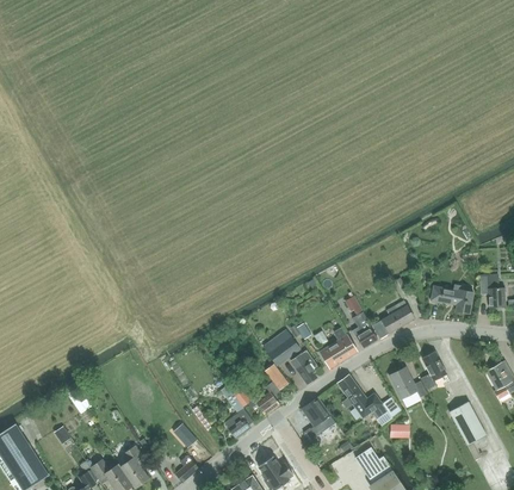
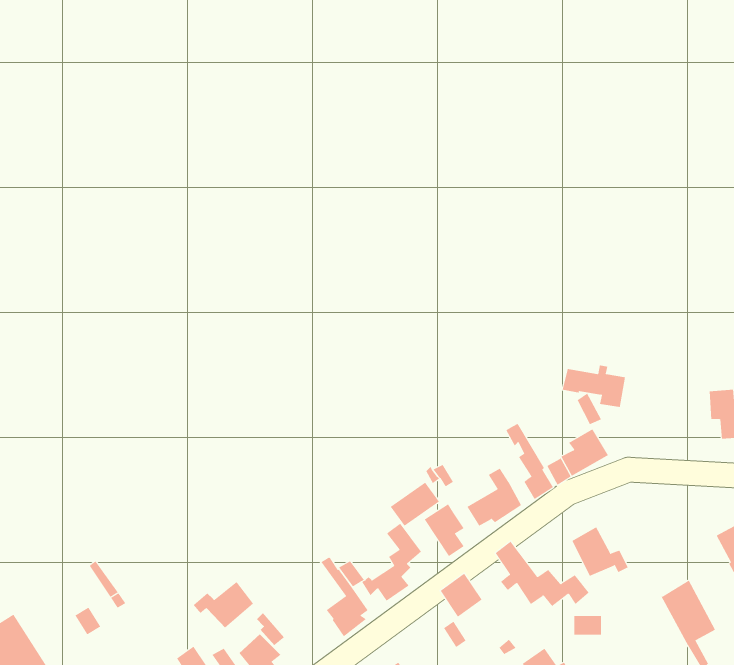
building: [429,284,472,312] -> [562,365,626,408]
building: [421,352,446,390] -> none
building: none -> [193,581,254,628]

